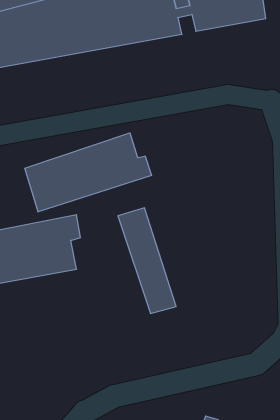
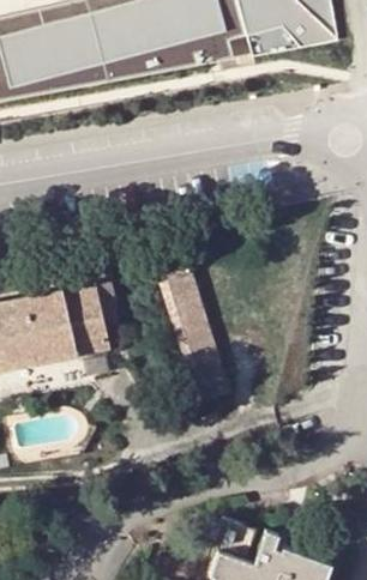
building: [25,133,152,212] -> none

